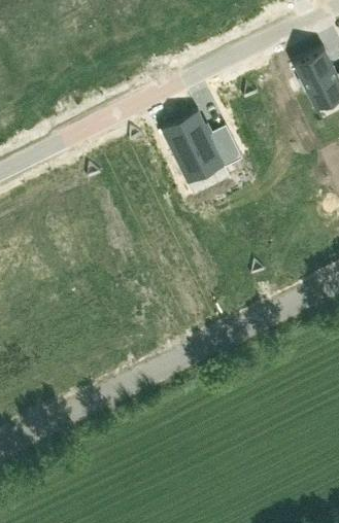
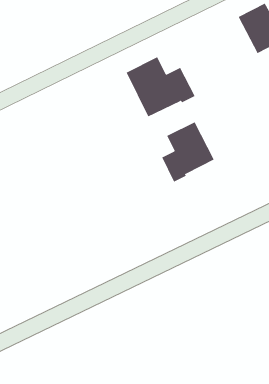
building: none -> [162,121,214,182]

